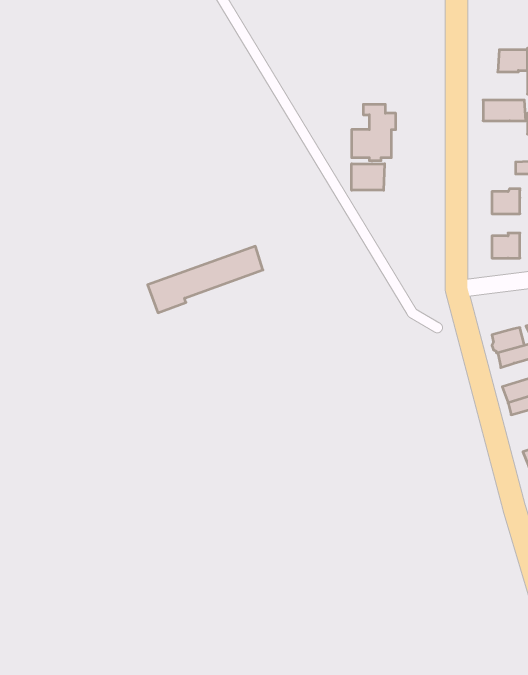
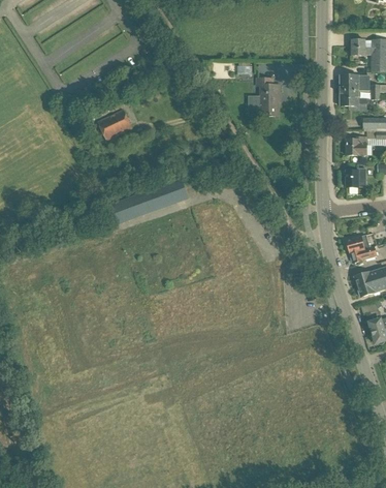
building: none -> [341,90,366,110]
building: none -> [99,109,133,139]
building: [352,164,385,190] -> none

